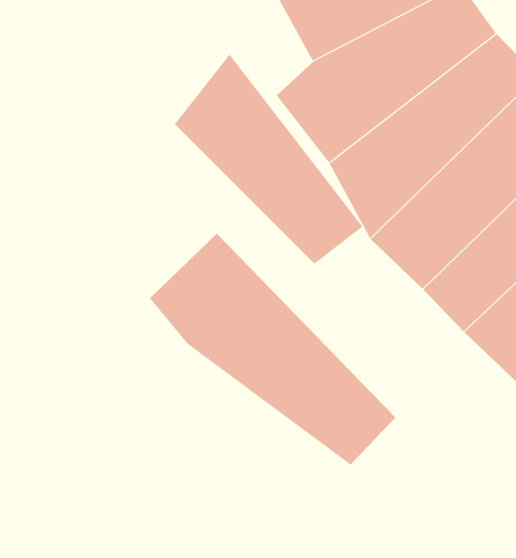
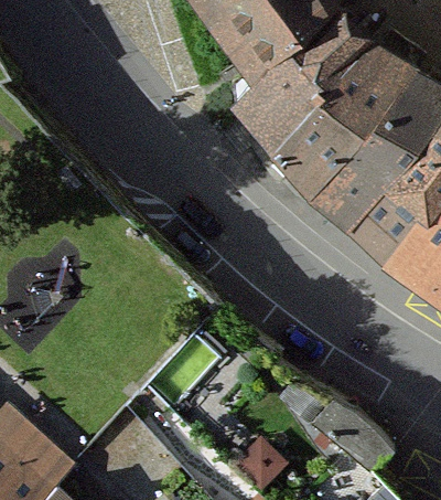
building: [174,54,363,265] -> none
building: [149,233,396,466] -> none

